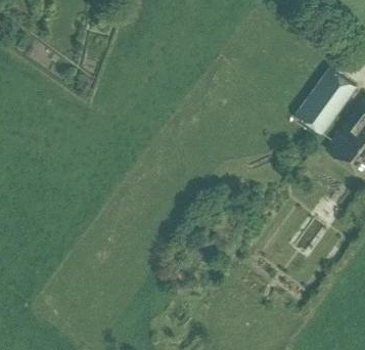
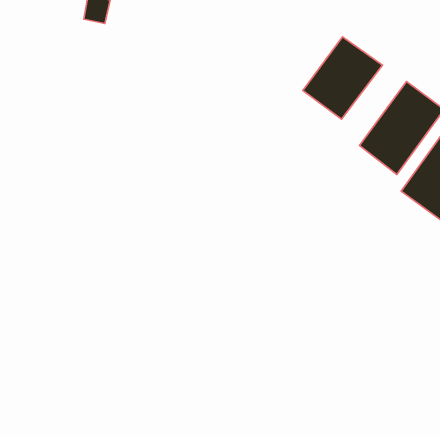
building: none -> [303,37,383,119]

